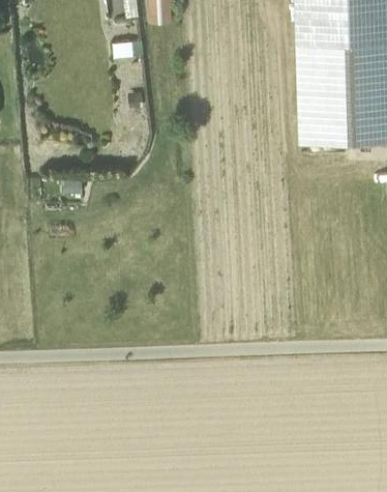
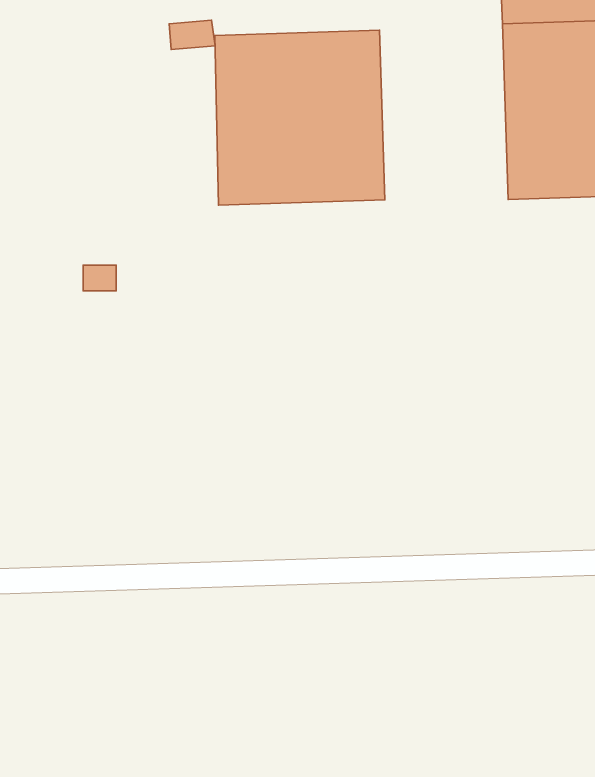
building: none -> [215,30,385,205]

